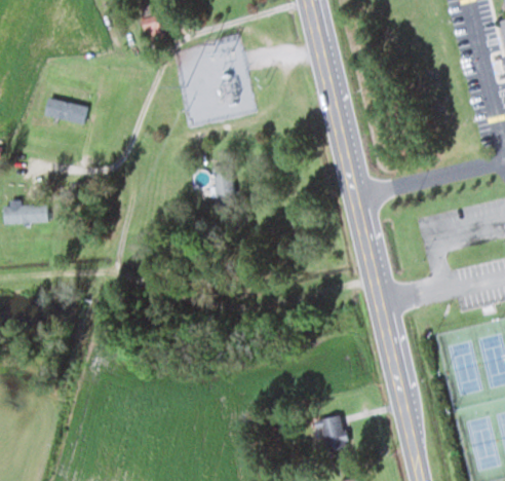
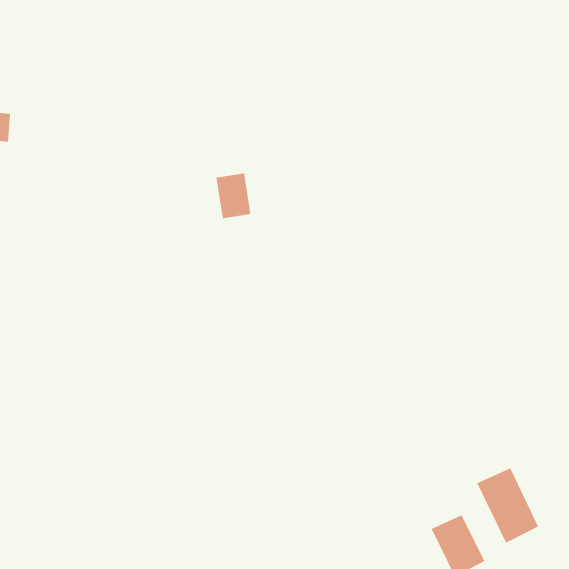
building: none -> [476,468,539,544]

